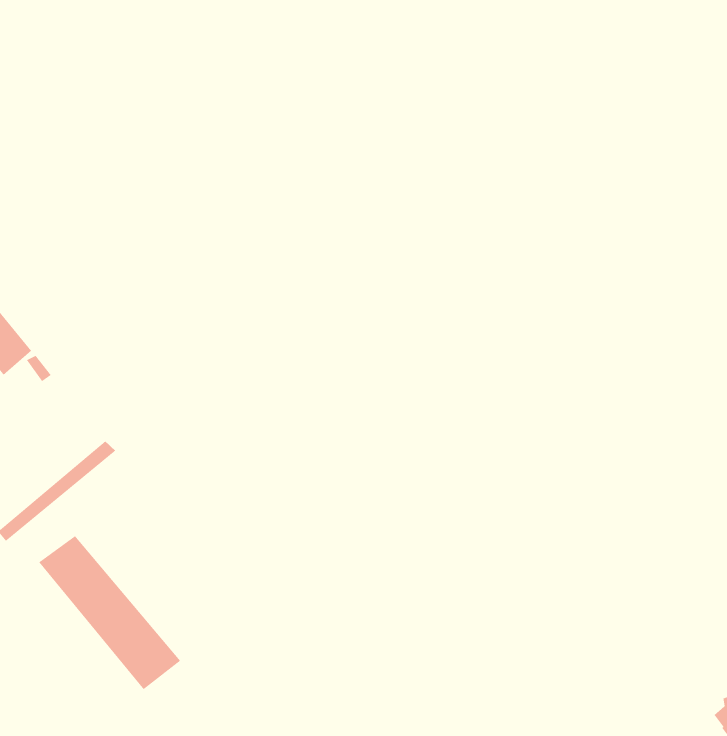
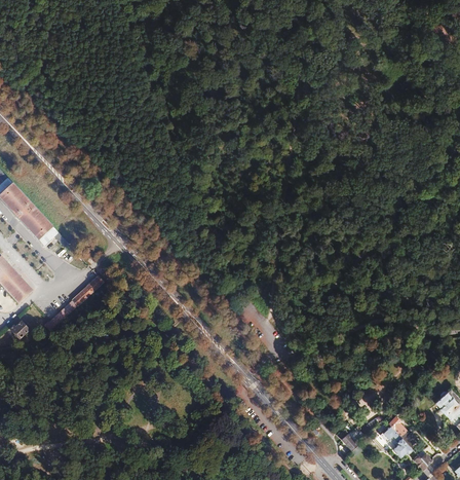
building: [38,535,181,690] -> none

